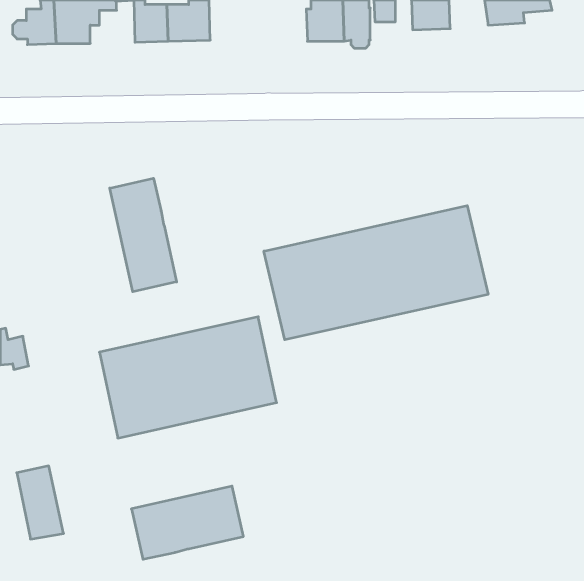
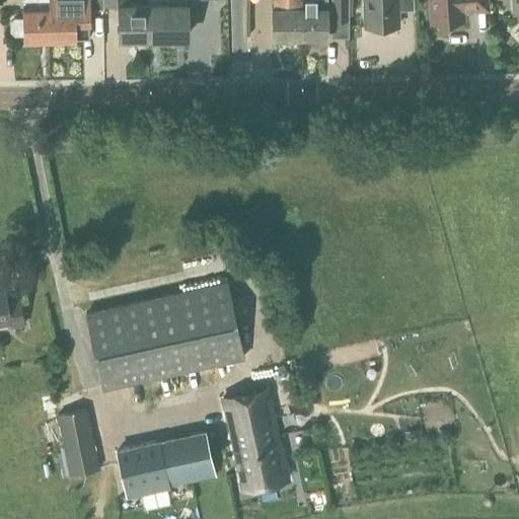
building: [110,178,177,292] -> none
building: [264,206,488,340] -> none
building: none -> [223,391,287,492]
building: [17,466,64,539] -> [59,411,100,475]

